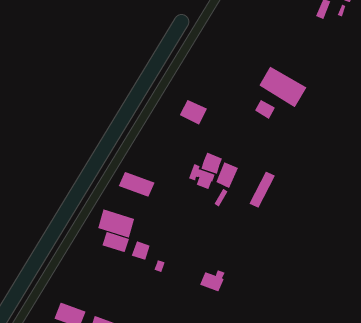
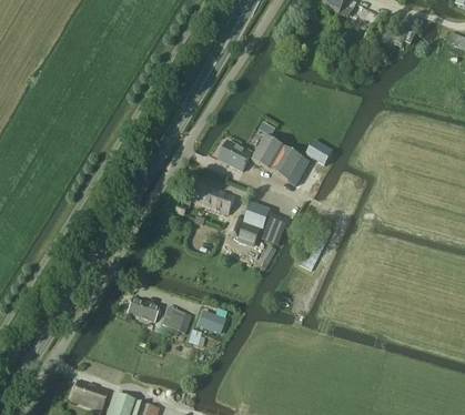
building: [259,66,308,108] -> [252,135,310,185]
building: [118,171,156,198] -> [191,182,235,213]
building: [98,209,135,238] -> none
building: [199,270,226,292] -> [196,307,228,334]

